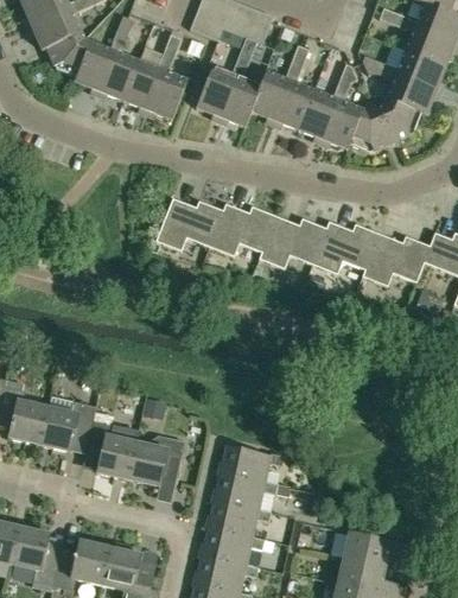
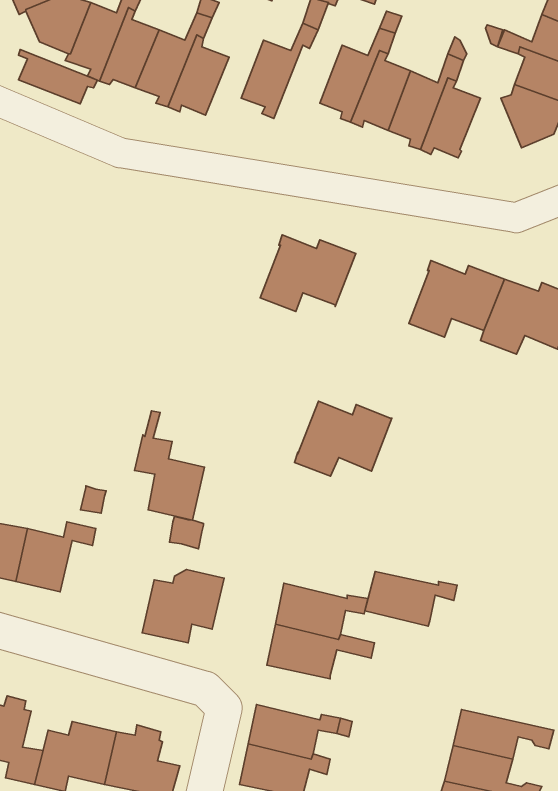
building: [218,71,260,127] -> none
building: none -> [19,49,97,104]
building: [348,108,390,152] -> none
building: [155,198,223,252] -> none
building: [259,216,326,268] -> [295,401,392,476]
building: [87,403,135,479] -> [134,411,205,520]
building: [206,502,271,540] -> [365,571,457,626]

